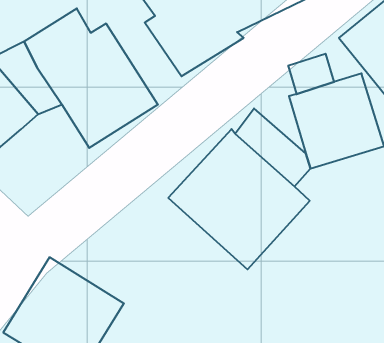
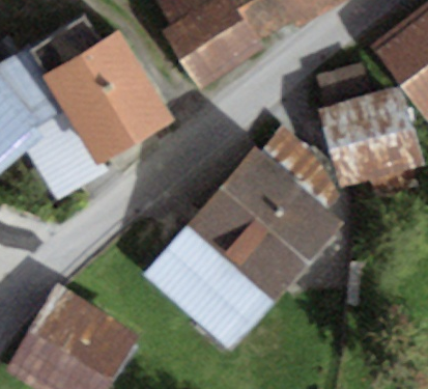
building: none -> [25,119,106,198]
building: none -> [142,222,274,350]

